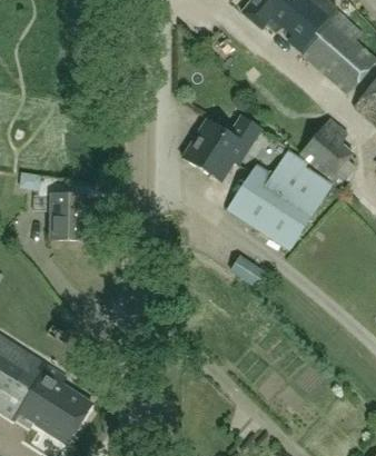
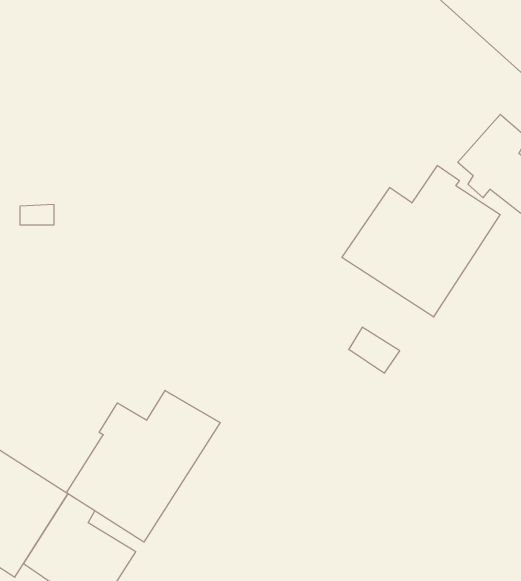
building: [182,113,261,181] -> none
building: [50,194,86,239] -> none
building: none -> [66,390,220,542]

